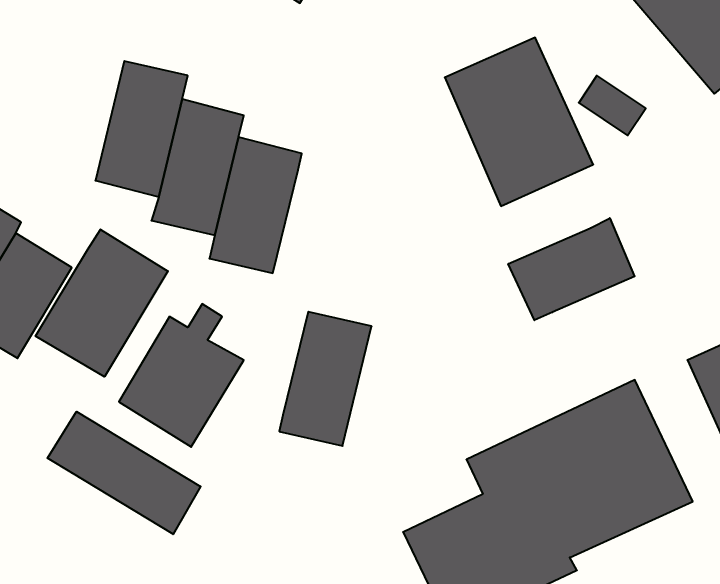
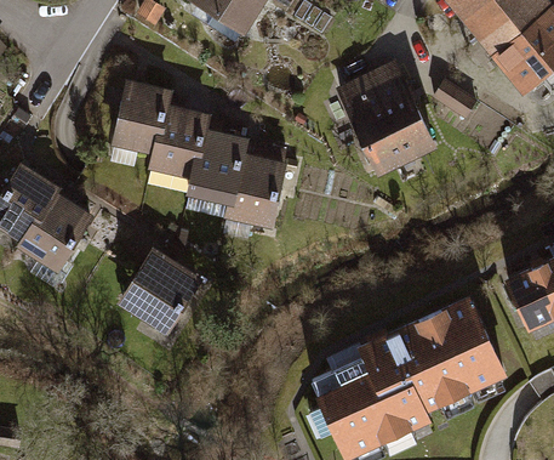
building: [508,218,635,320] -> none
building: [36,229,168,377] -> none
building: [279,312,372,446] -> [224,149,286,239]
building: [47,412,201,534] -> none

